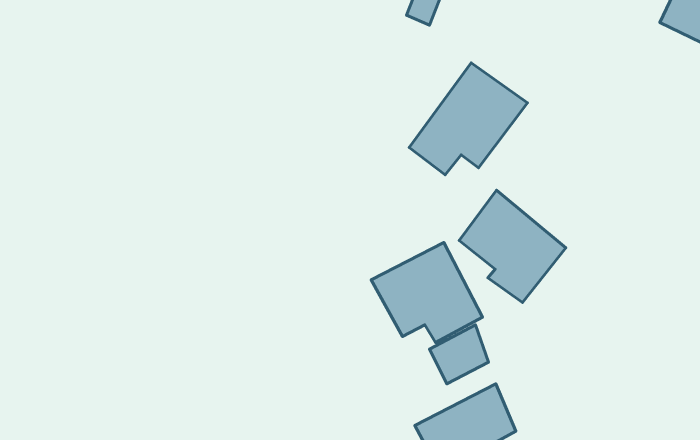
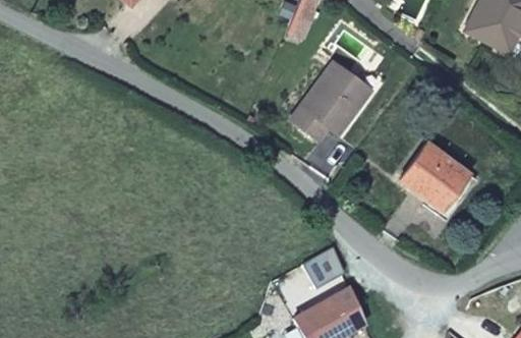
building: [459,190,566,302] -> [407,145,482,224]
building: [371,242,483,342] -> none

